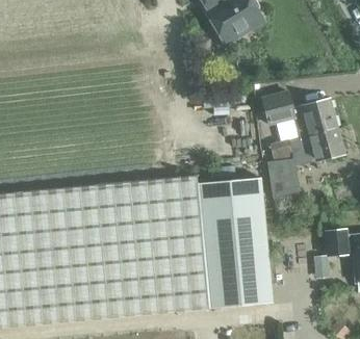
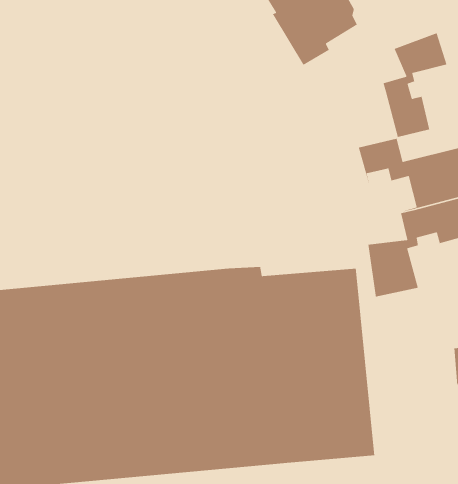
building: none -> [383,32,448,138]

